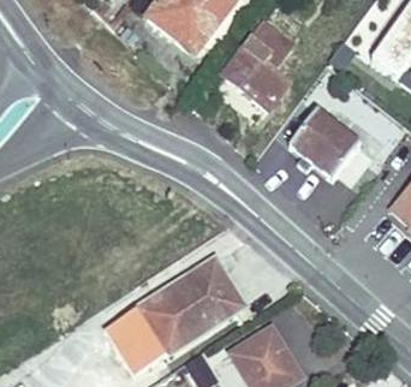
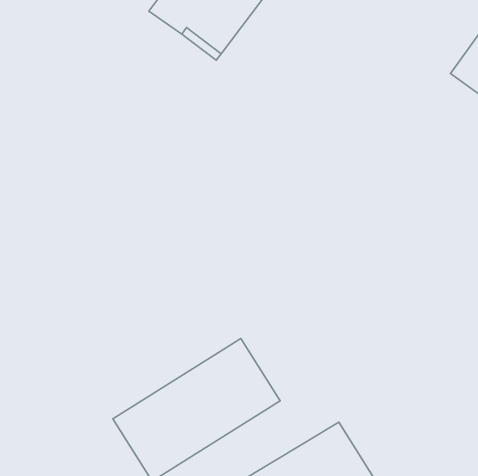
building: [222,23,292,109] -> none
building: [288,101,359,180] -> none

